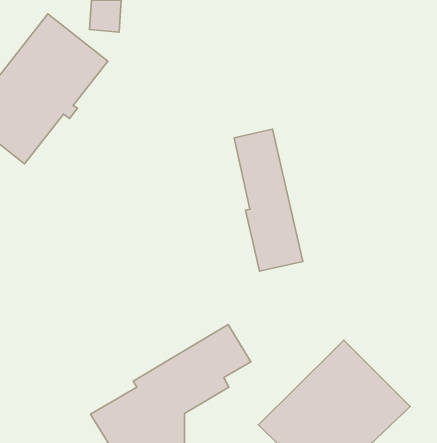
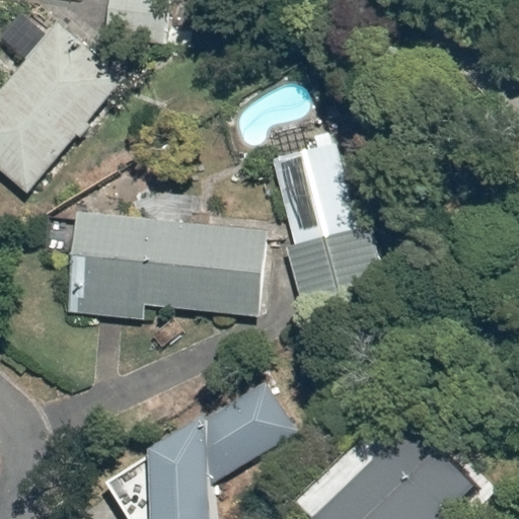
building: none -> [67,210,264,320]

